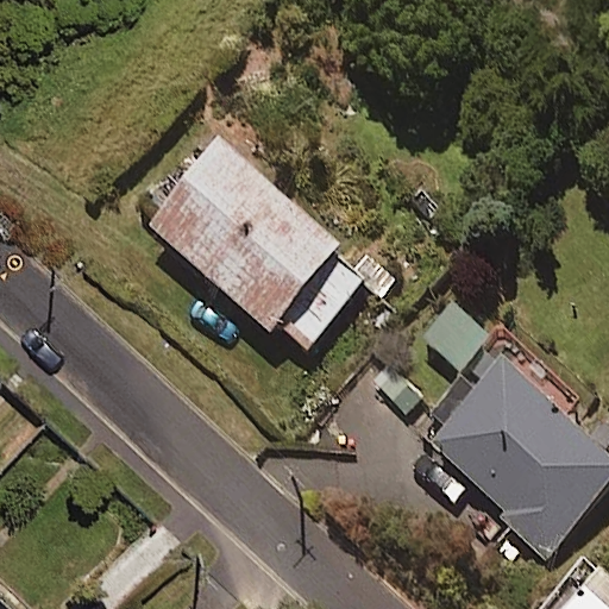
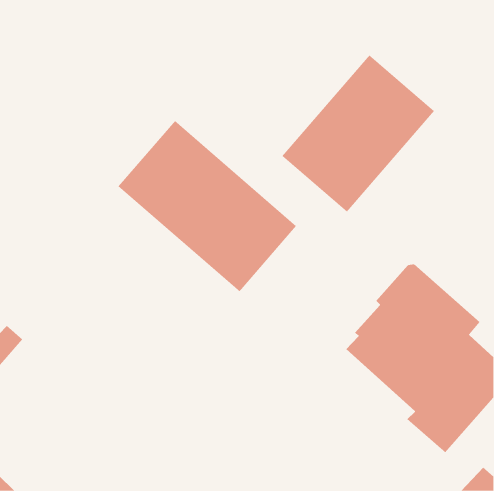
building: none -> [281,54,435,212]

